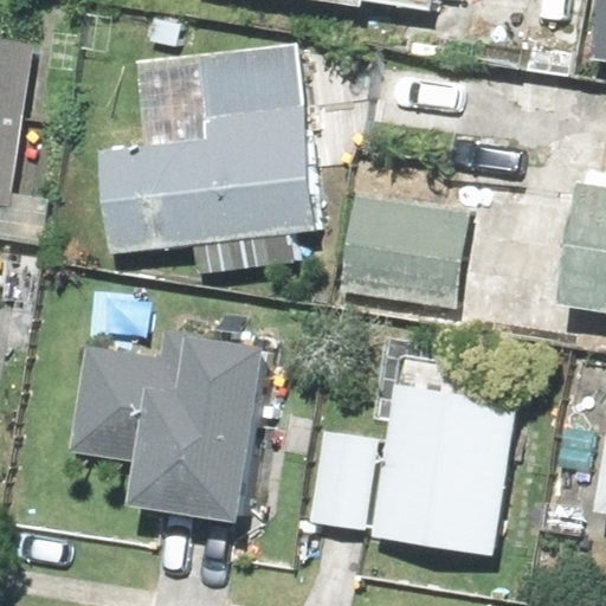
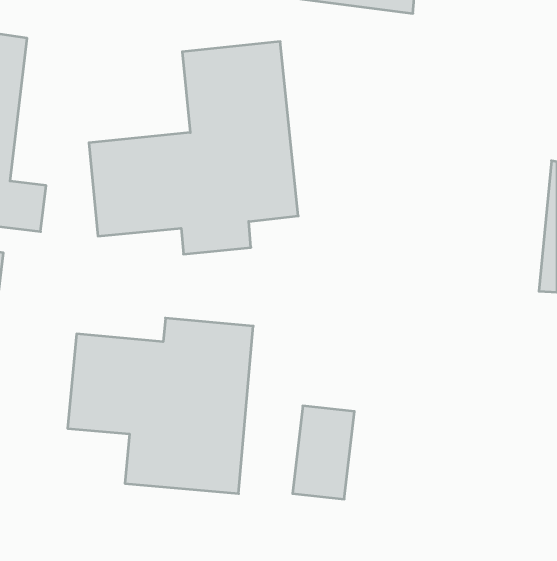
building: [337,189,486,309] -> none
building: [370,380,514,555] -> none

